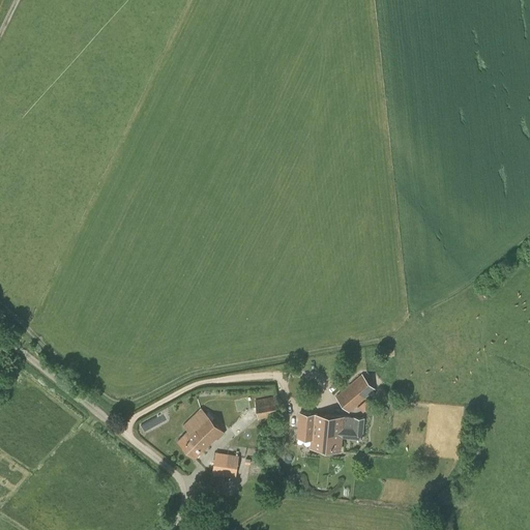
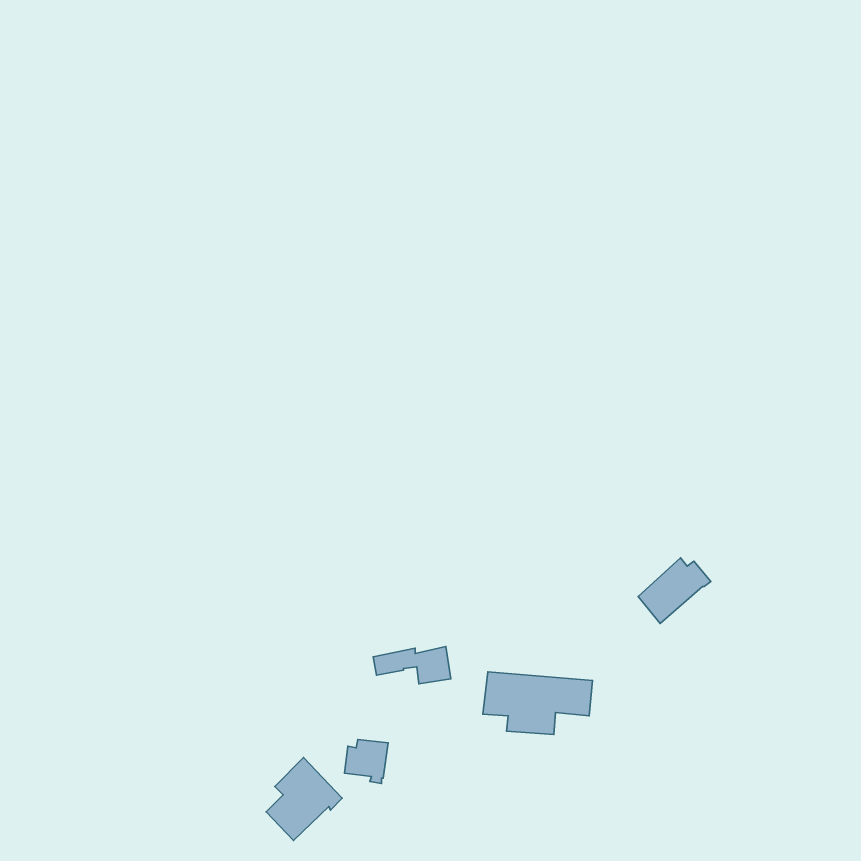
building: [335,374,380,414] -> [638,558,711,624]
building: [177,409,224,460] -> [266,758,342,840]

